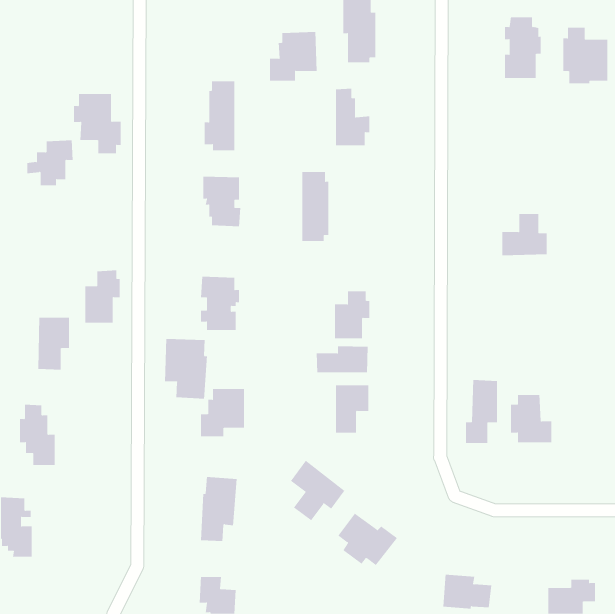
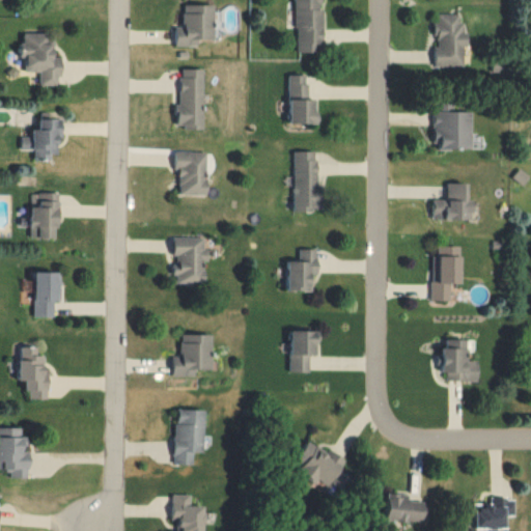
building: [562,27,608,84] -> [432,101,472,149]
building: [269,32,318,81] -> [174,4,216,47]
building: [73,94,122,154] -> [20,33,61,85]
building: [302,172,329,242] -> [294,152,317,213]
building: [84,270,121,323] -> [30,193,61,239]
building: [164,338,208,399] -> none
building: [316,346,368,373] -> none
building: [465,380,498,443] -> [431,246,459,301]
building: [290,460,345,521] -> none

